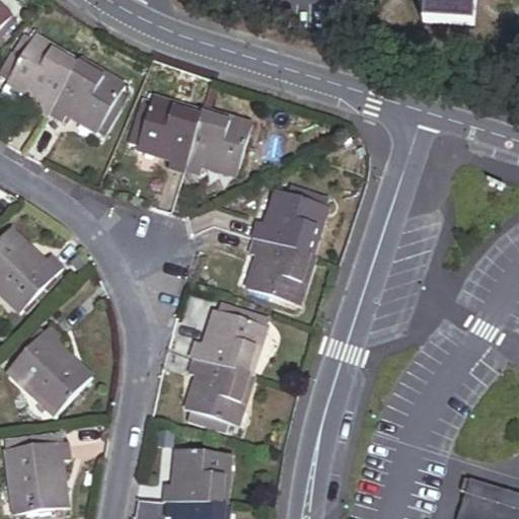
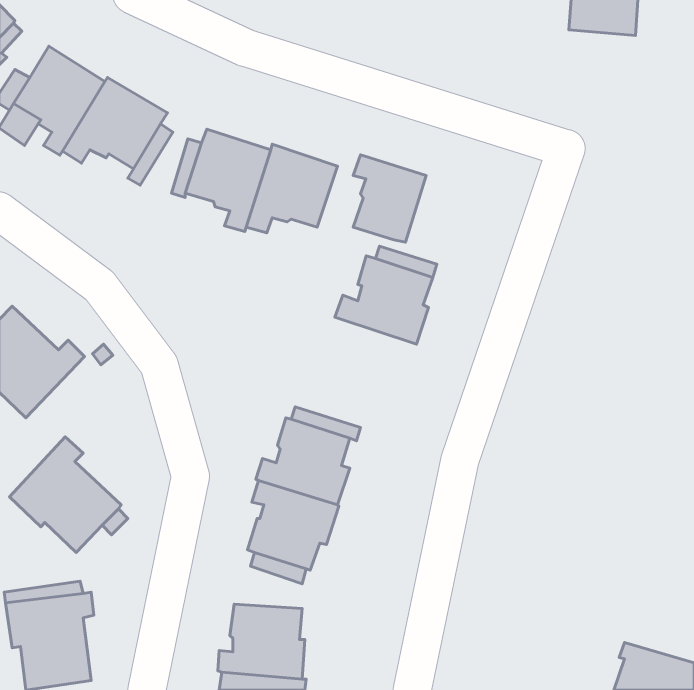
building: none -> [353,155,426,242]
building: [244,237,313,304] -> none

